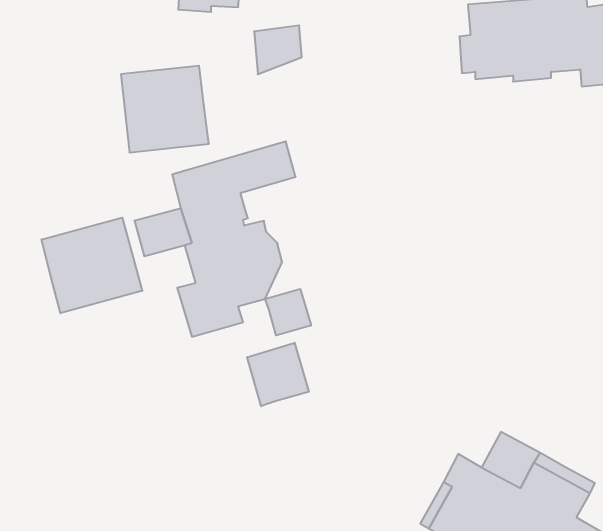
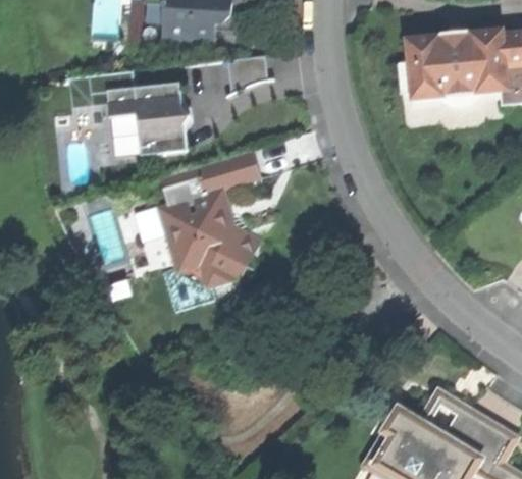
building: [42,218,142,313] -> none
building: [265,289,311,335] -> none
building: [247,343,309,406] -> none

